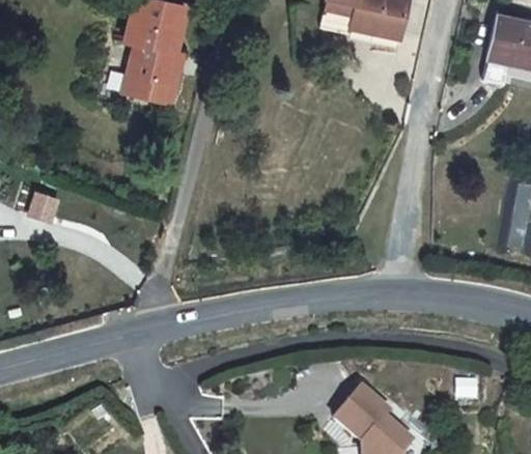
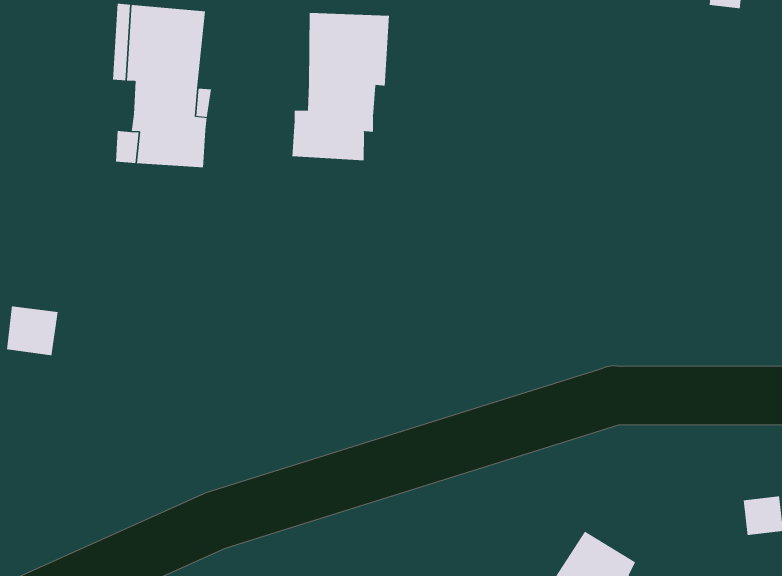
building: none -> [292,12,389,161]

